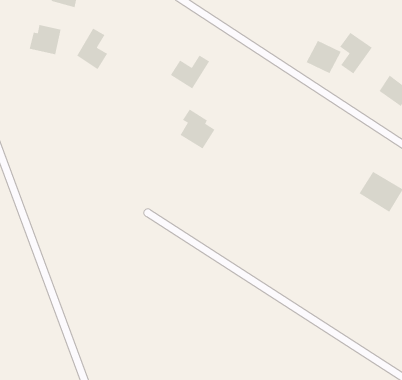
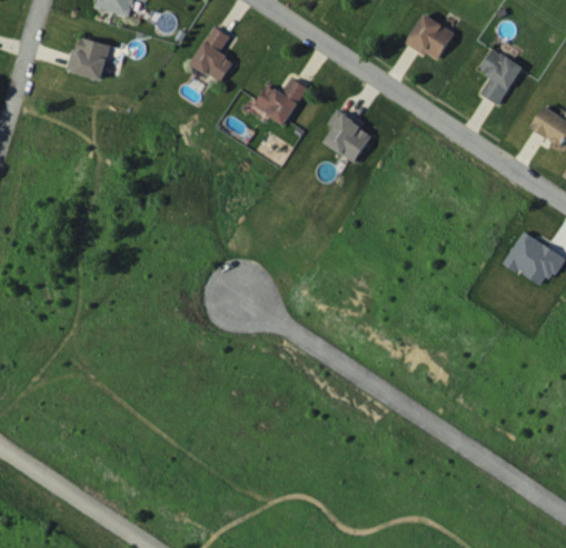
building: [76,27,108,70] -> [191,26,234,82]
building: [306,40,342,74] -> [406,14,454,60]
building: [179,108,215,150] -> [324,108,371,162]

